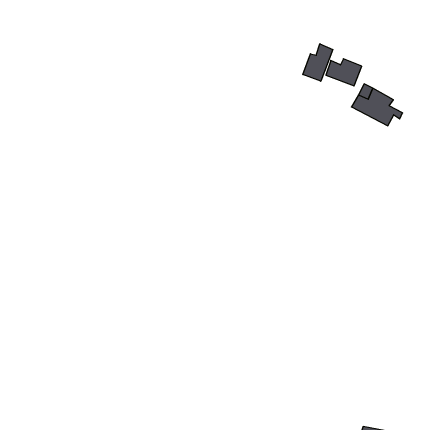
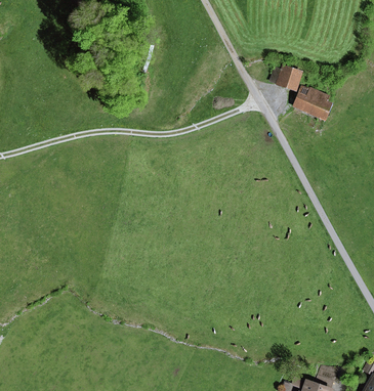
building: [303,44,333,81] -> none

